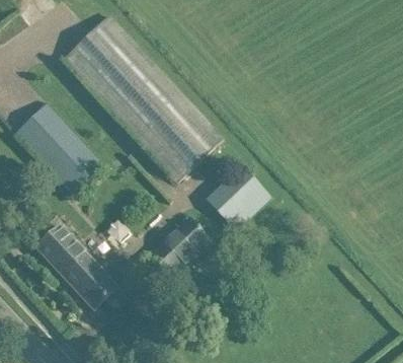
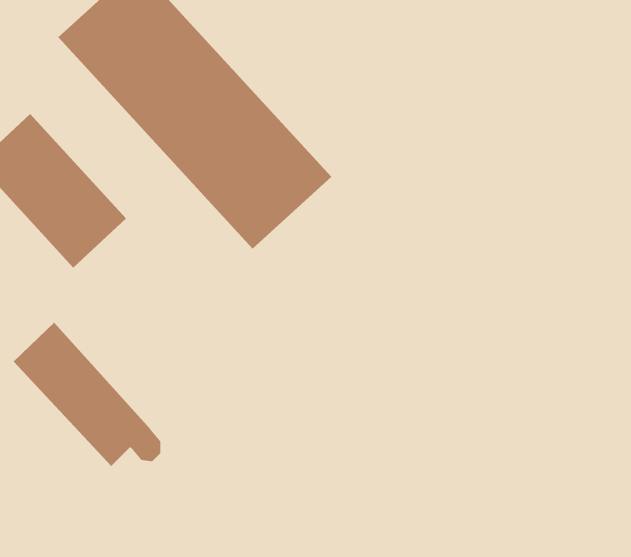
building: [206,165,270,230] -> none
building: [148,216,212,279] -> none

